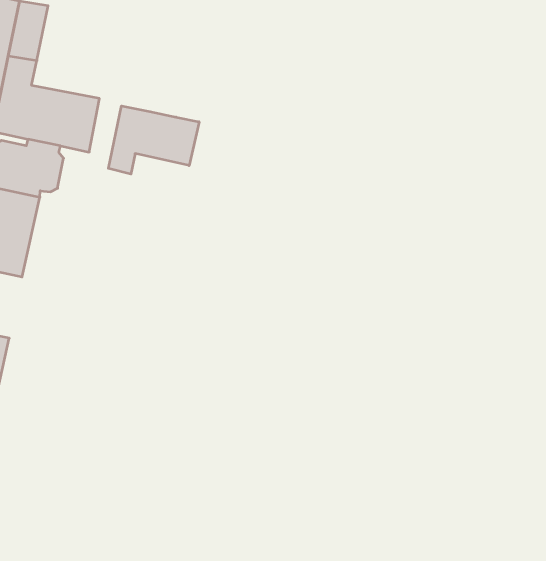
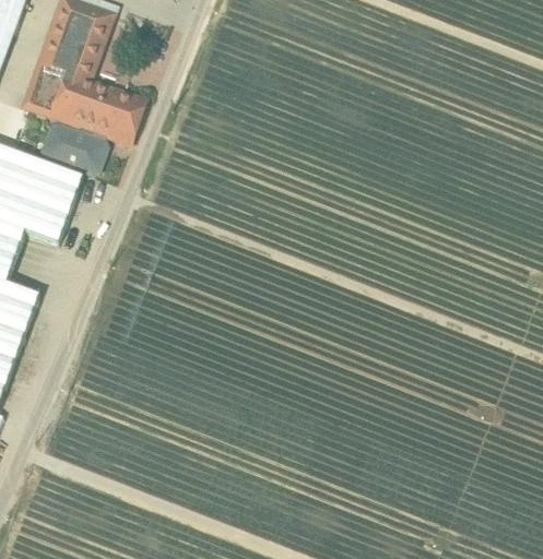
building: [108,106,199,174] -> none

